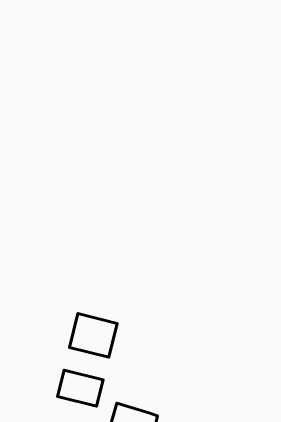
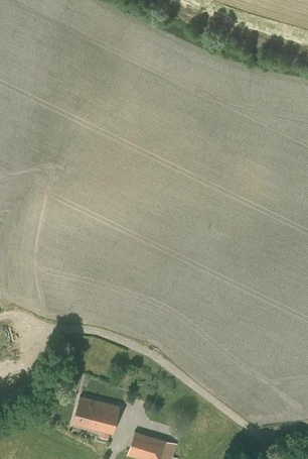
building: [69,314,117,357] -> none

